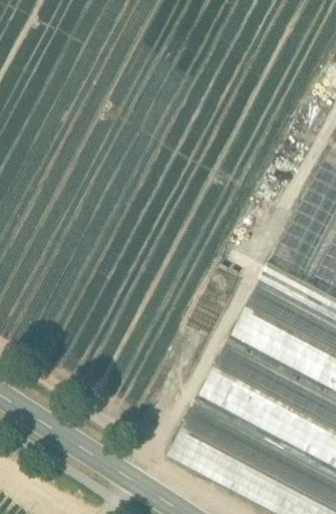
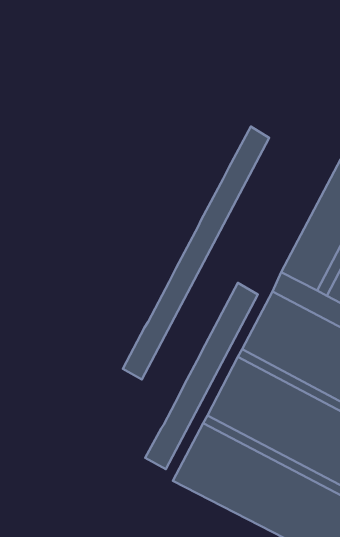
building: none -> [123,126,269,379]
building: none -> [145,283,258,469]

